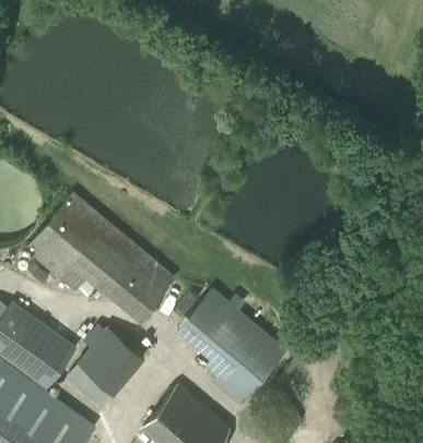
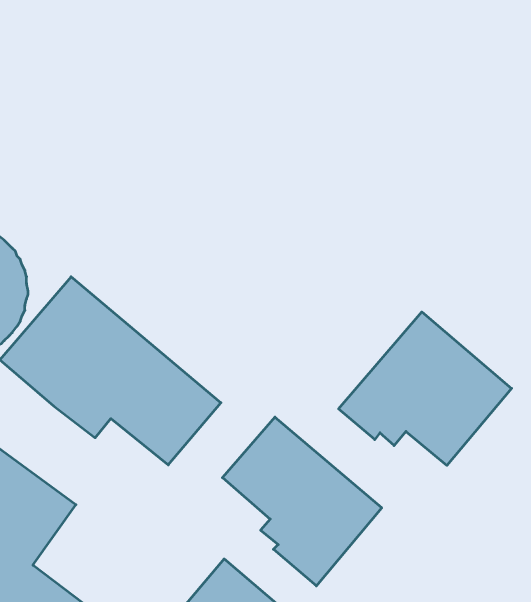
building: none -> [339,312,512,465]
building: [67,324,145,407] -> none

